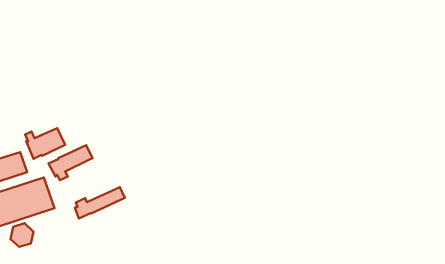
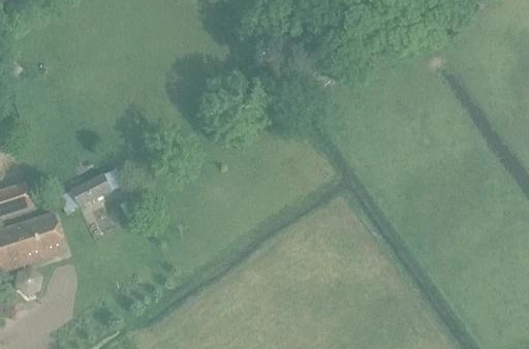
building: [25,128,65,159] -> none
building: [75,187,125,219] -> none

